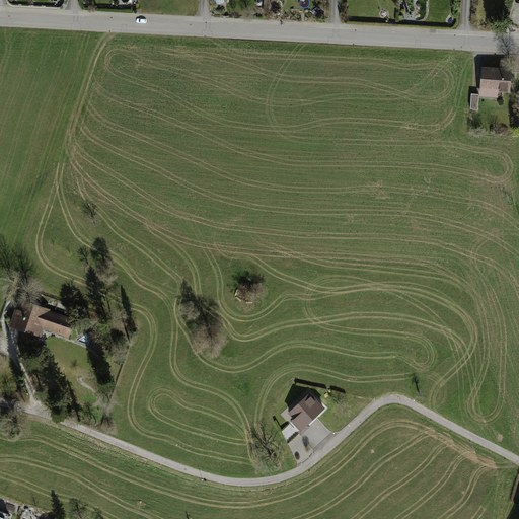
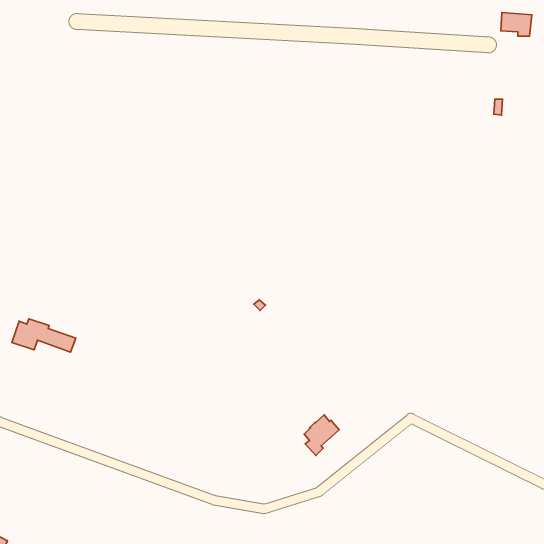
building: [480,70,510,92] -> [501,13,532,36]

